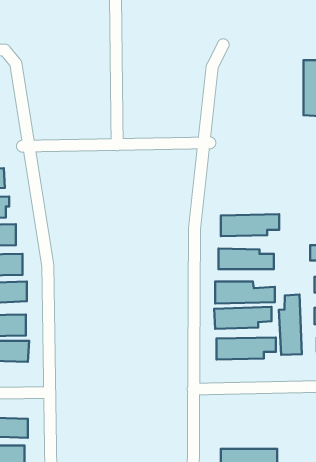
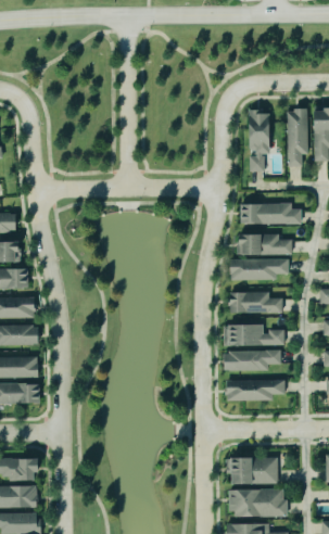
building: none -> [287,110,308,166]
building: none -> [249,112,271,171]
building: none -> [241,203,302,224]
building: none -> [240,233,293,255]
building: [279,294,302,355] -> none
building: none -> [235,457,279,484]

